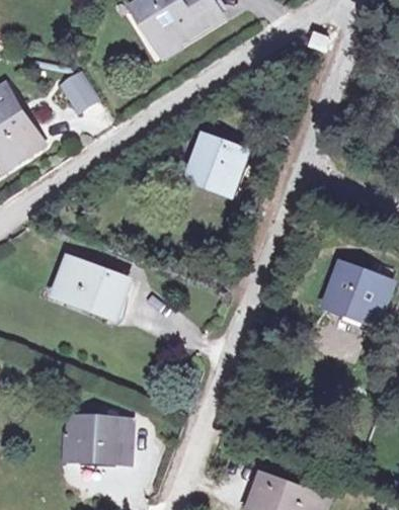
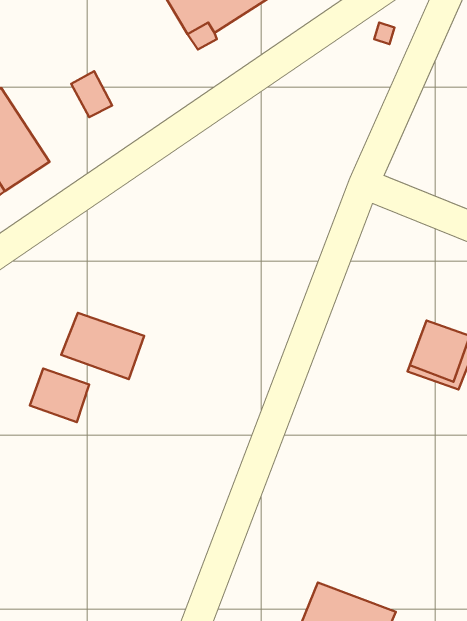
building: [190,141,240,190] -> none
building: none -> [30,369,89,422]
building: [59,425,123,466] -> none

